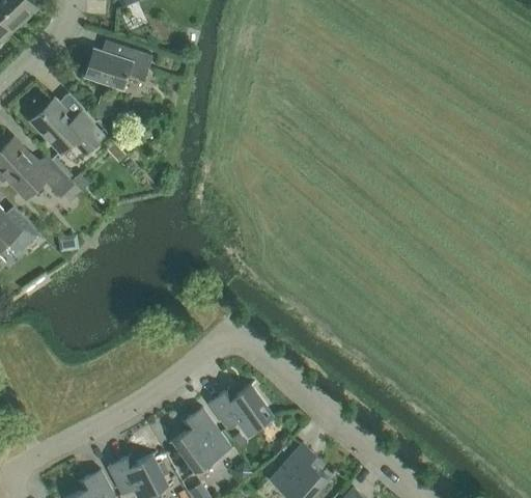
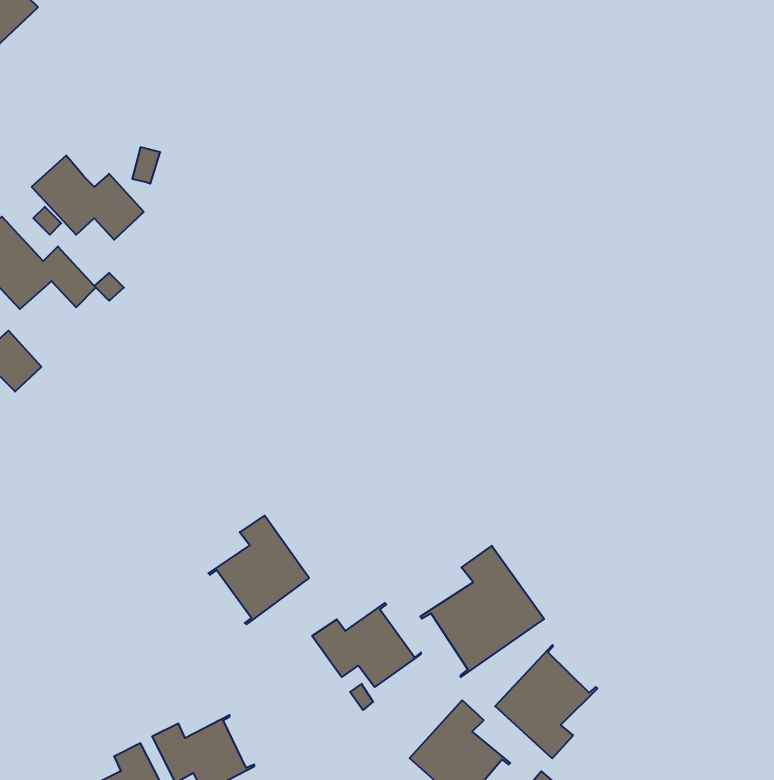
building: [84,39,152,89] -> none
building: none -> [420,546,544,677]
building: [167,408,230,476] -> [208,516,309,624]
building: none -> [495,645,597,758]

